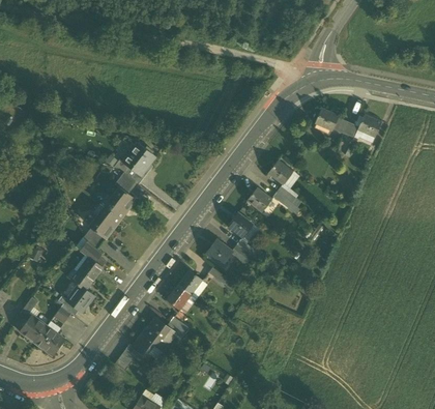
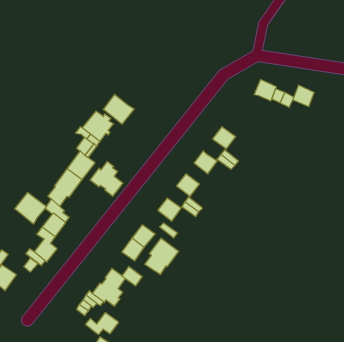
building: none -> [103,94,134,124]
building: none -> [90,162,123,196]
building: none -> [15,192,46,224]
building: none -> [145,238,179,275]
building: [34,325,64,355] -> none
building: none -> [86,313,118,334]

